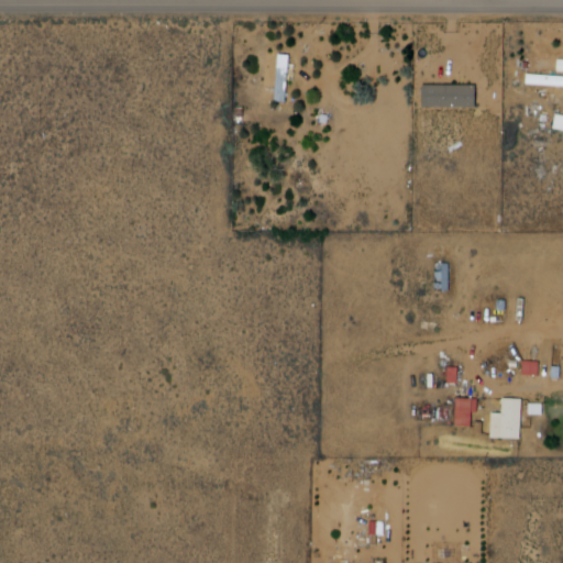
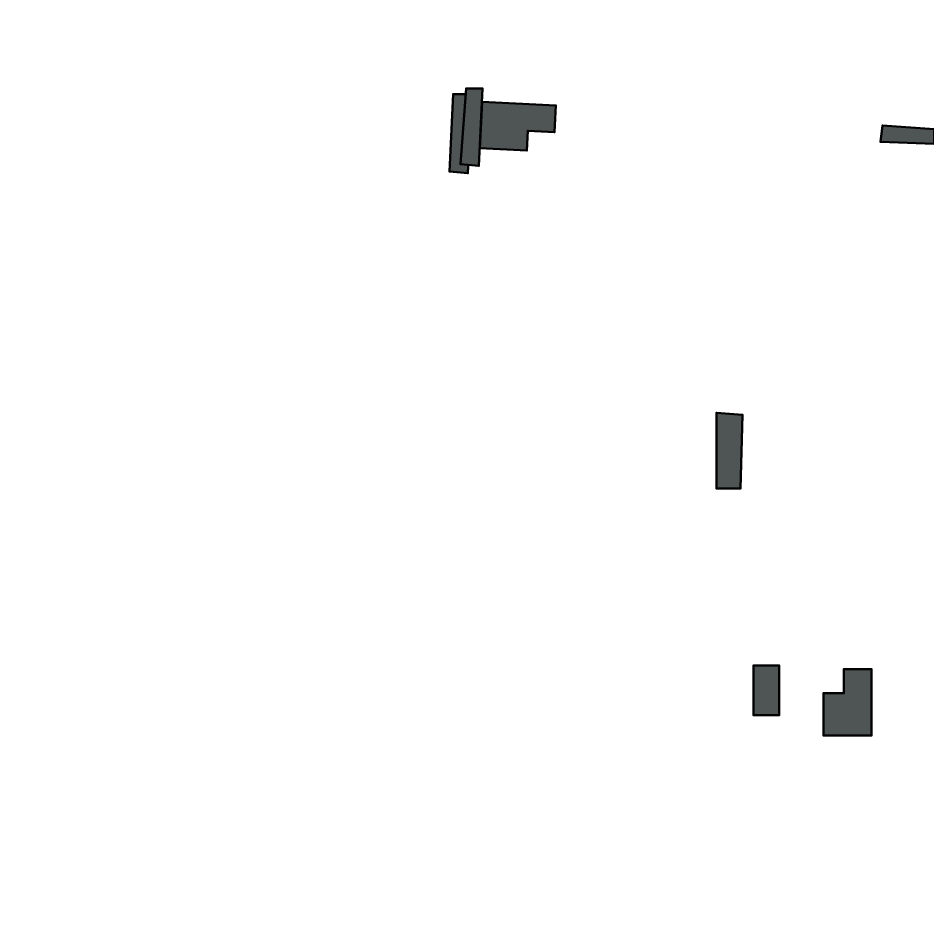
building: none -> [480,102,556,151]
building: [422,85,477,108] -> none

